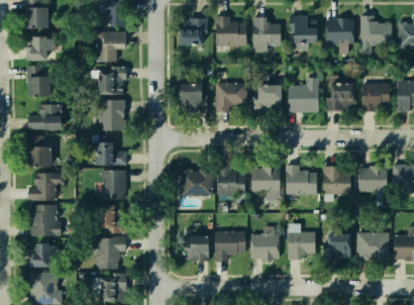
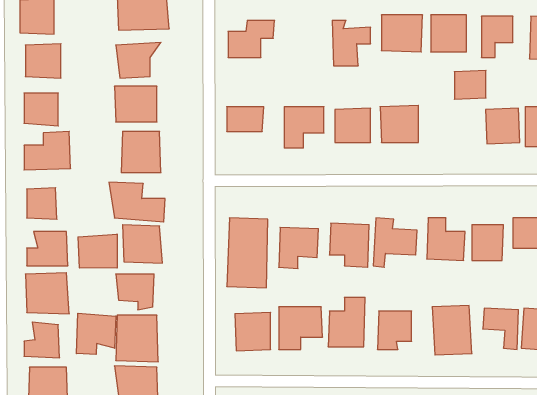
building: [217,16,248,44] -> none
building: [328,84,351,105] -> [454,70,486,99]
building: none -> [78,234,117,268]
building: none -> [76,313,116,354]

